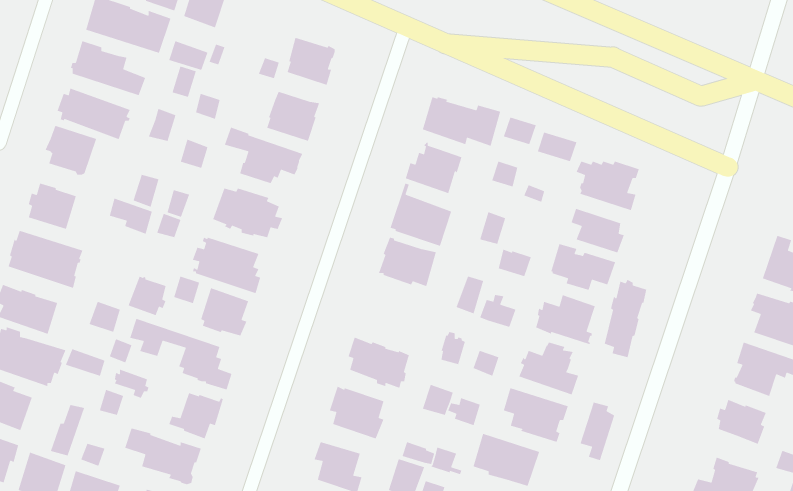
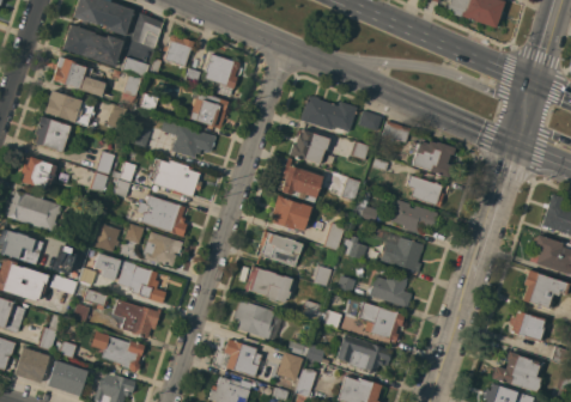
building: none -> [163,35,194,67]
building: [604,279,647,358] -> none
building: none -> [259,231,302,266]
building: [579,401,615,461] -> none

